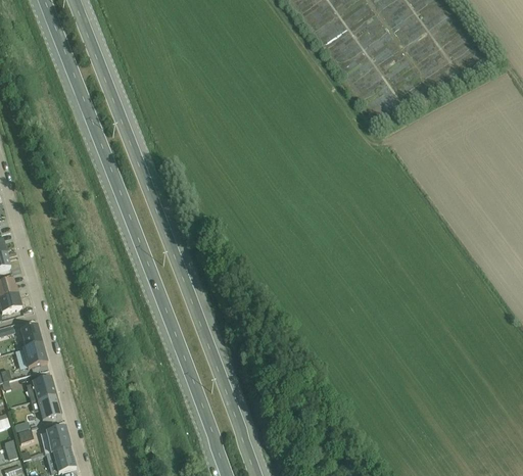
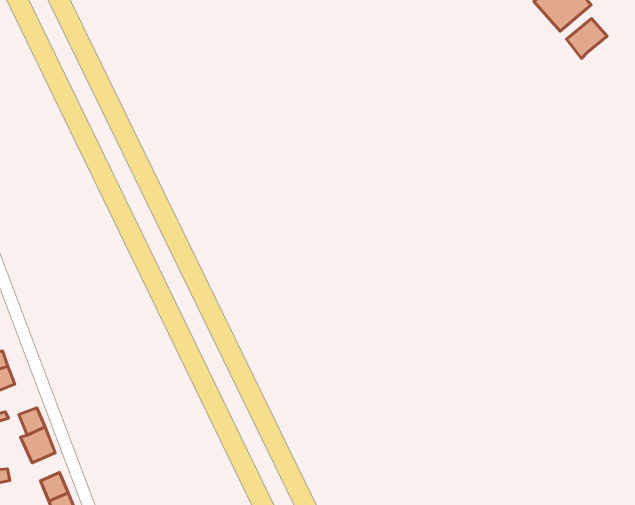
building: none -> [567,18,607,58]

